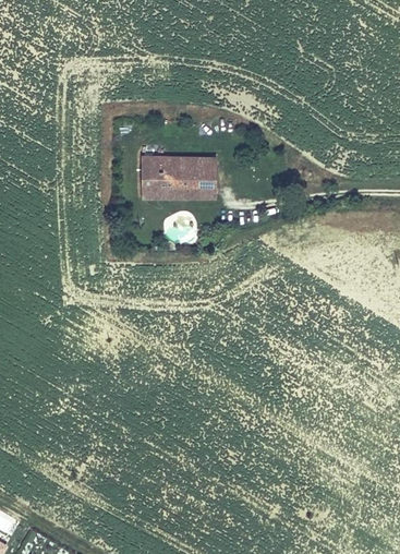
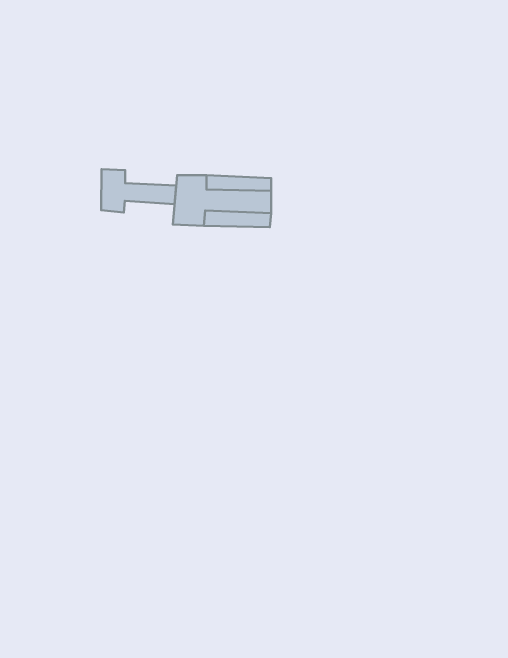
building: none -> [101,169,176,212]

